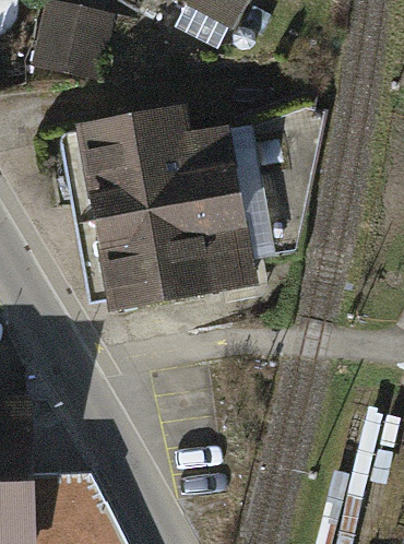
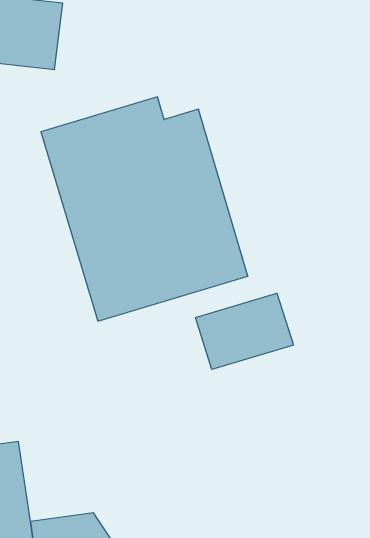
building: none -> [196,293,293,369]

